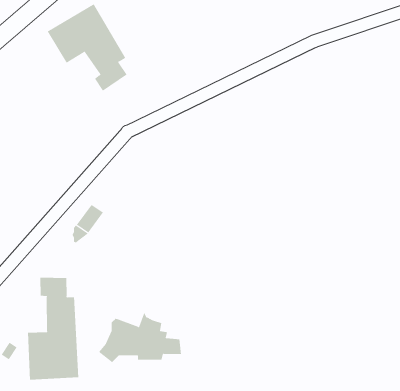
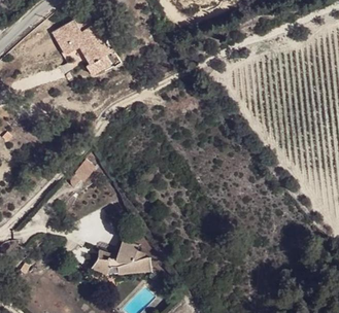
building: [27,277,79,381] -> none

